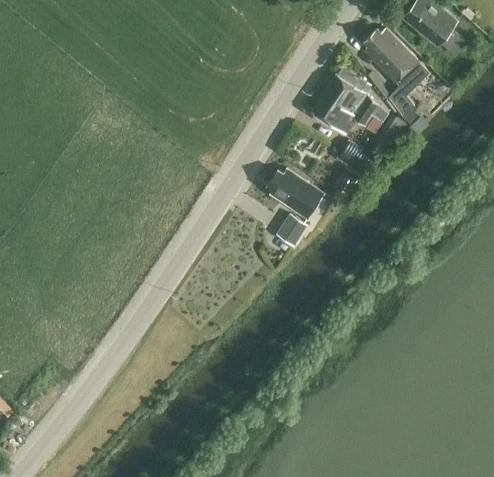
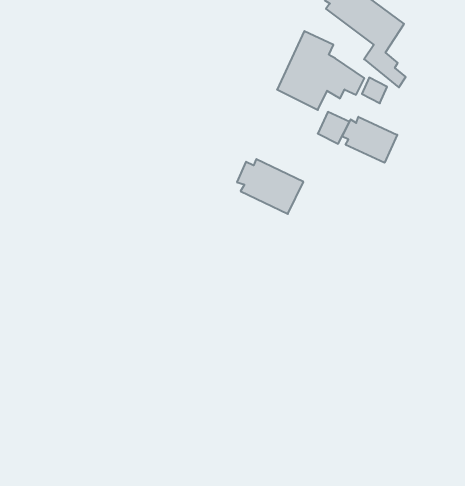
building: none -> [342,117,397,163]
building: [277,213,308,245] -> none

